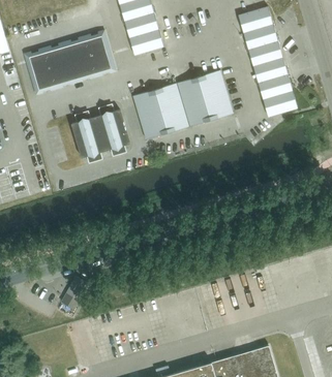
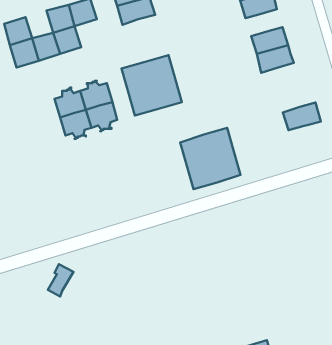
building: [247,41,281,66] -> none
building: [43,42,69,68] -> none
building: [89,51,115,76] -> none
building: [176,70,232,127] -> [180,128,241,189]
building: [262,91,297,117] -> [283,102,321,130]

